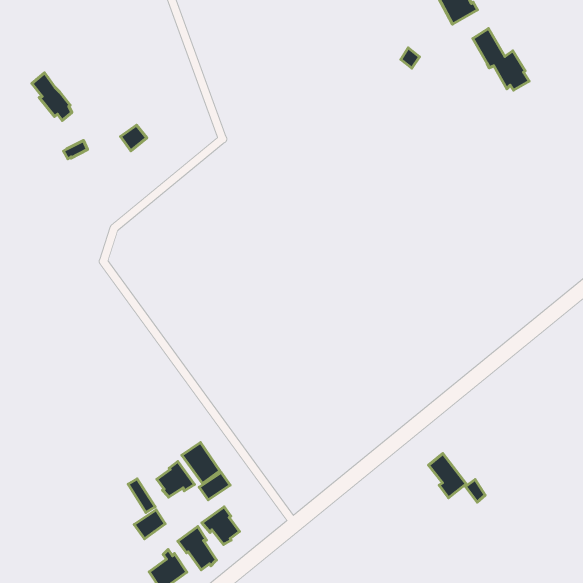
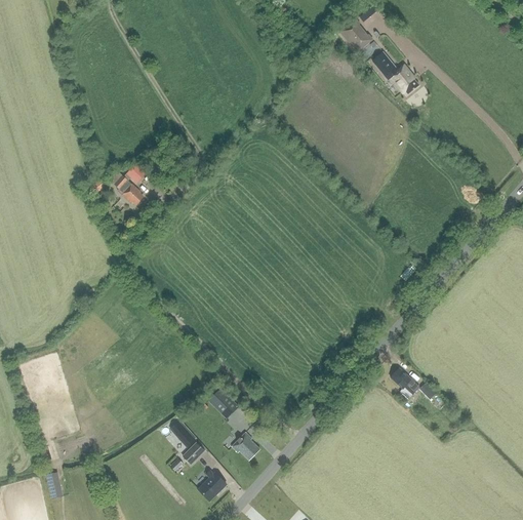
building: [32,73,72,121] -> [110,171,143,204]
building: [157,462,194,497] -> none
building: [178,527,217,570] -> none

